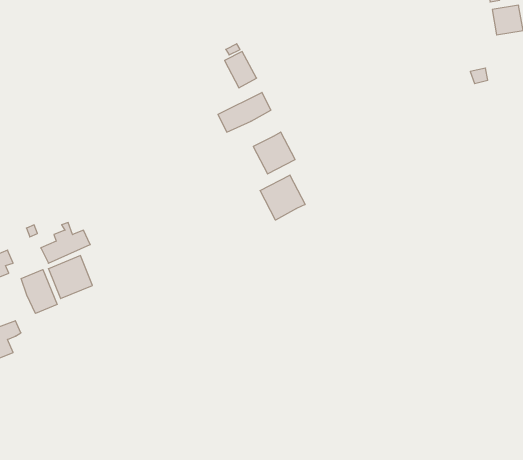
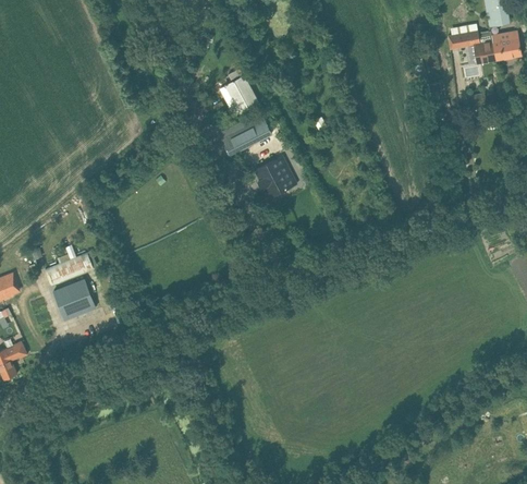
building: none -> [449,29,497,62]
building: [260,175,305,220] -> none
building: [21,270,57,313] -> none

